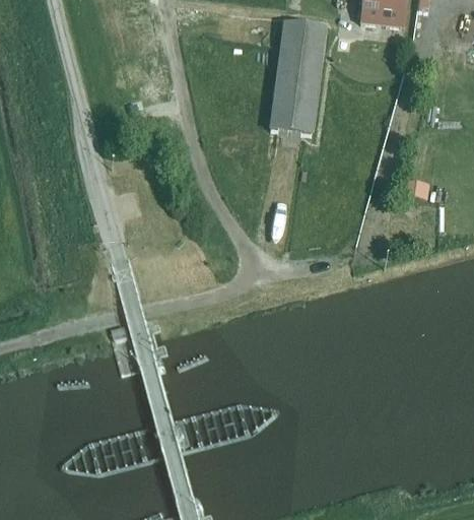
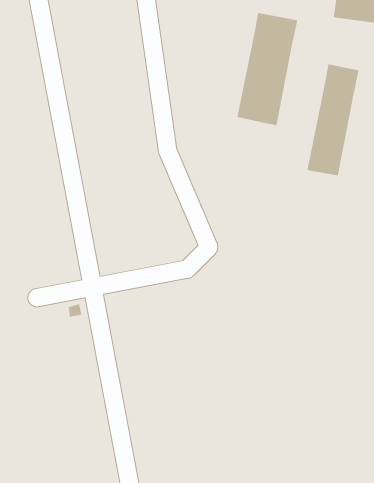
building: none -> [307,63,359,176]

